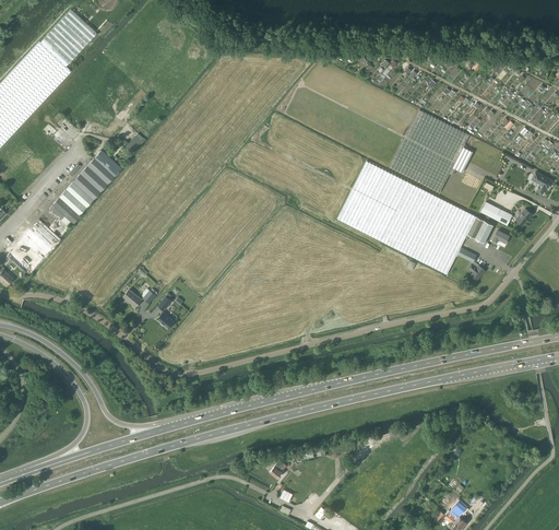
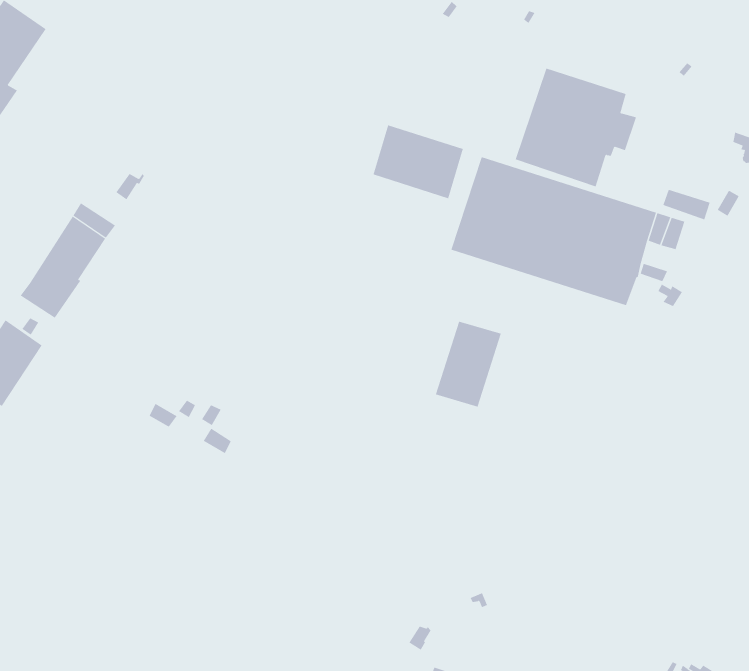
building: none -> [373,124,464,199]
building: none -> [435,321,501,407]

